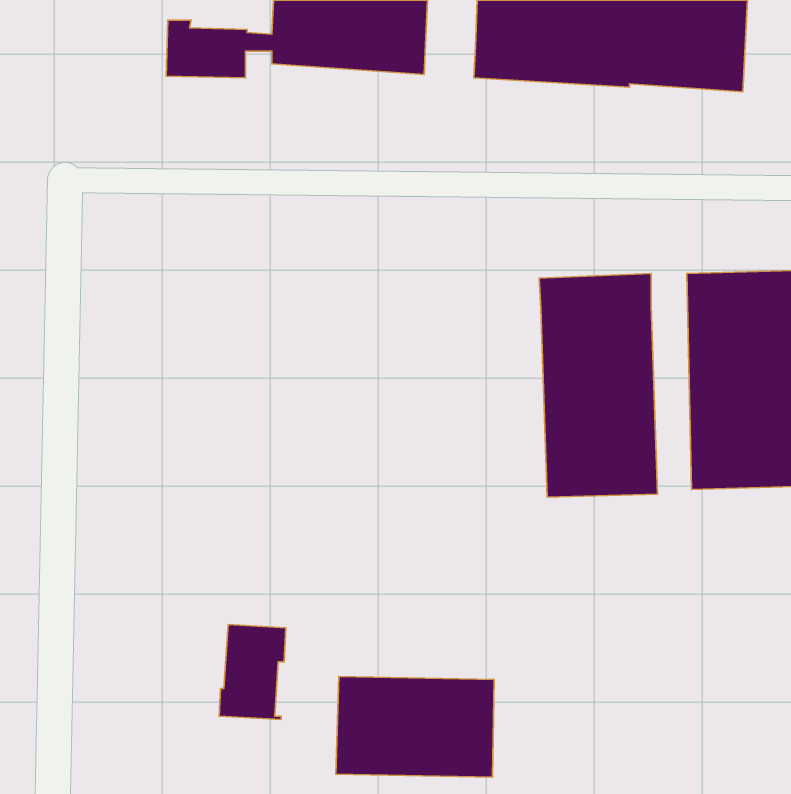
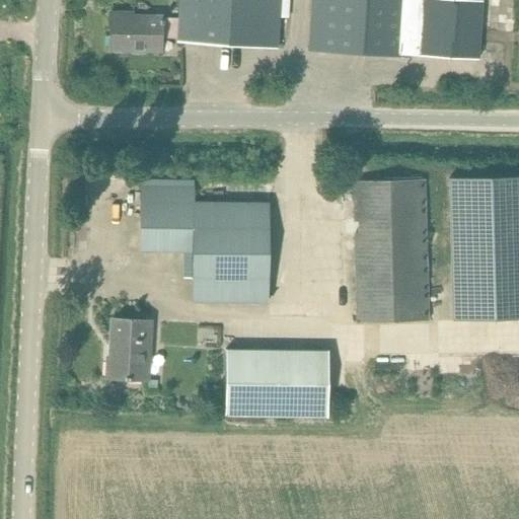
building: none -> [141,187,270,302]
building: [219,625,286,719] -> [108,318,152,380]
building: [336,676,494,777] -> [226,350,329,416]

